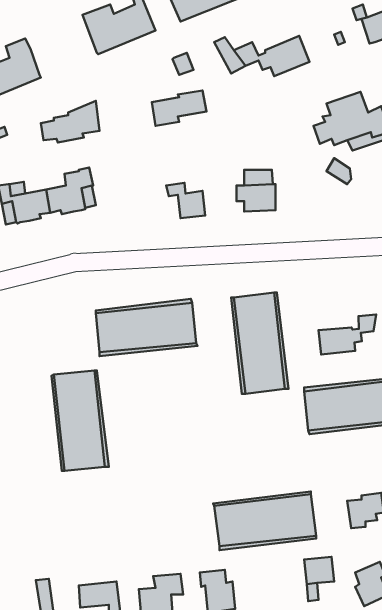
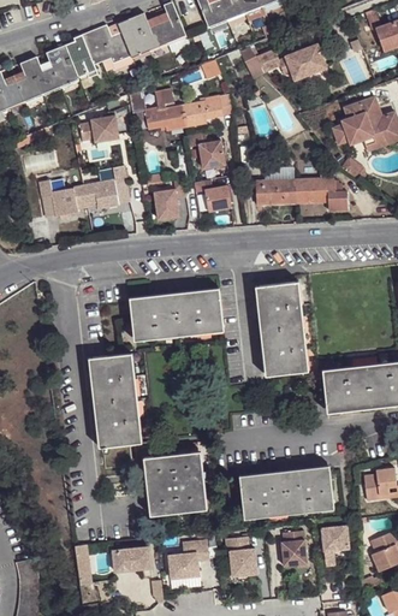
building: none -> [69,28,130,81]
building: none -> [129,89,184,131]
building: none -> [186,135,222,171]
building: none -> [154,180,186,220]
building: none -> [295,182,350,213]
building: [319,315,376,354] -> none
building: none -> [145,451,202,515]
building: none -> [280,531,307,567]

